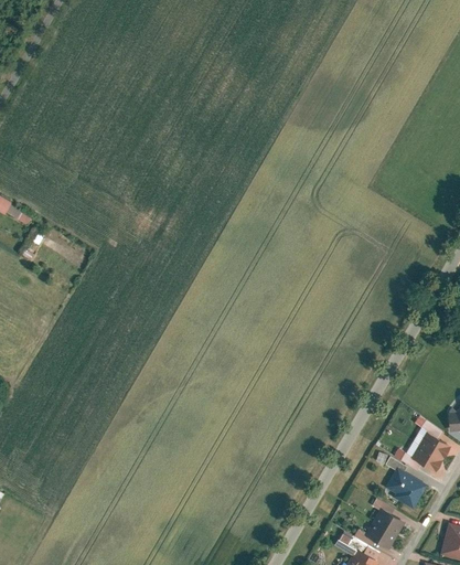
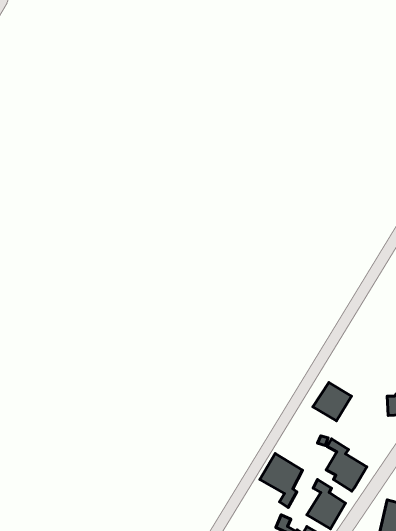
building: [411,431,451,471] -> [313,382,351,421]
building: none -> [260,454,303,508]

